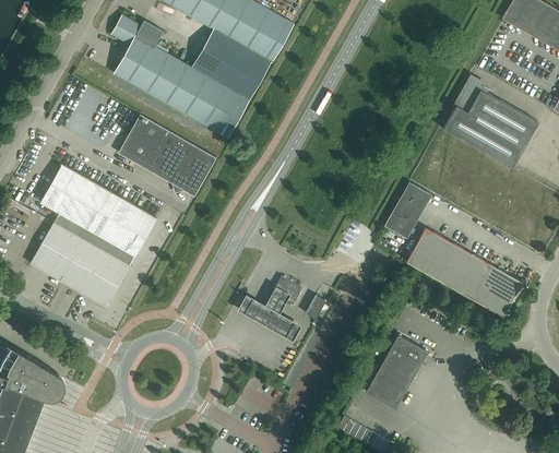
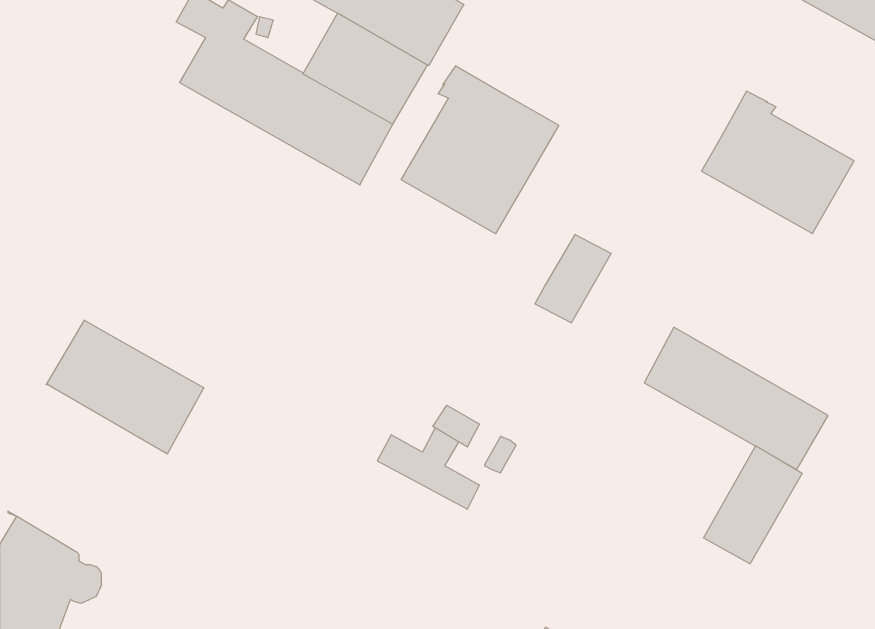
building: none -> [401,66,559,234]
building: [118,115,216,196] -> none
building: [39,164,156,265] -> none
building: [383,182,431,238] -> [535,234,611,323]
building: [365,334,427,408] -> [703,446,802,564]

